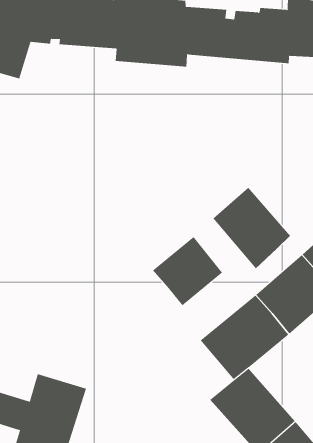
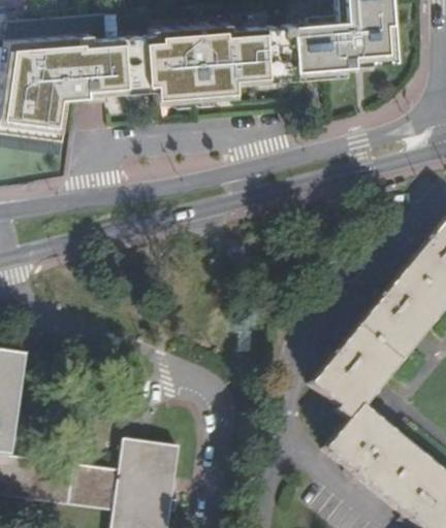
building: [212,187,291,269] -> none
building: [152,236,223,306] -> none

